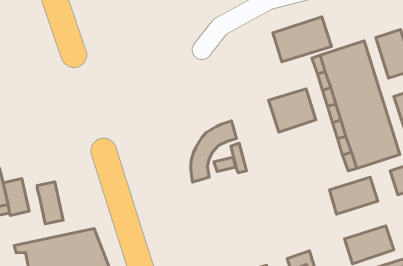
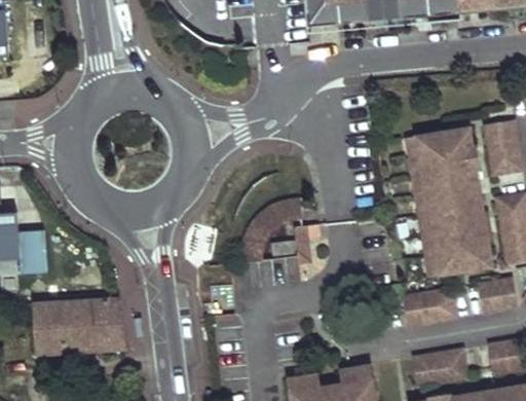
building: [273,17,331,62] -> none
building: [268,89,316,132] -> none
building: [37,182,63,224] -> none

